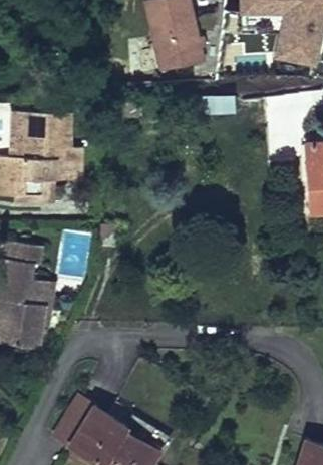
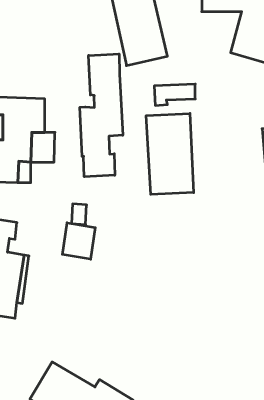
building: none -> [80,54,123,177]
building: none -> [146,113,194,194]
building: none -> [62,223,95,259]

